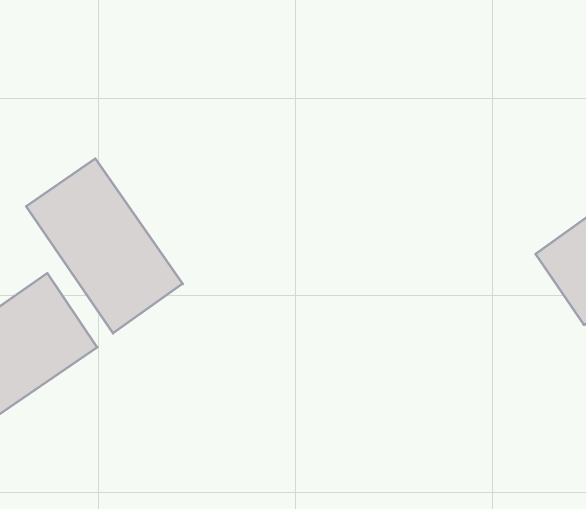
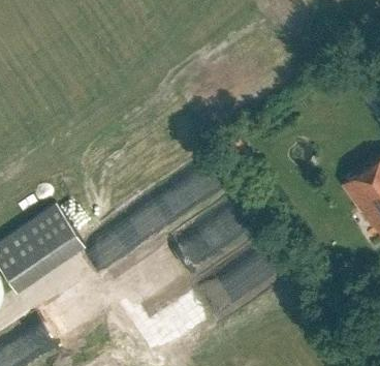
building: [26,159,183,333] -> none

